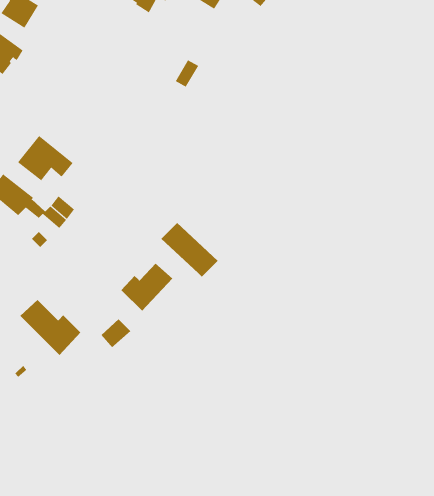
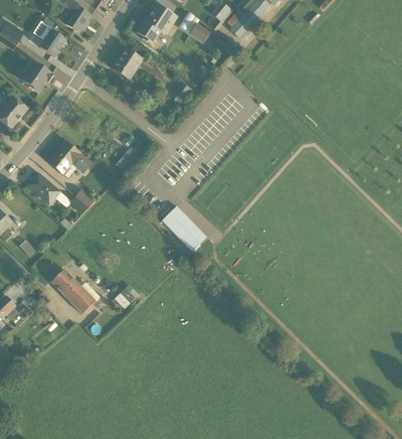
building: none -> [112,47,143,79]
building: [120,263,173,312] -> none

